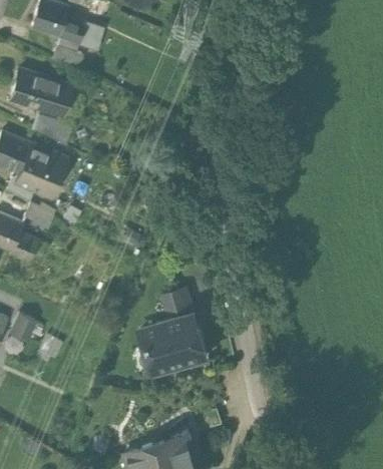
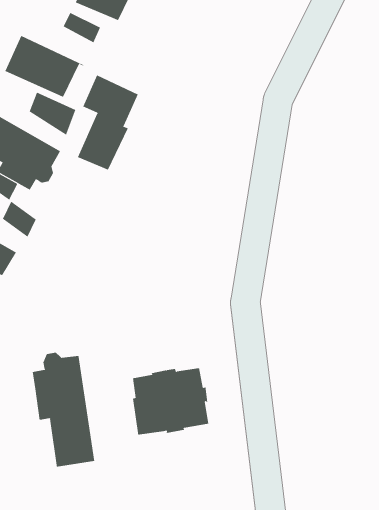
building: none -> [77,74,139,171]
building: [162,290,195,319] -> none
building: none -> [32,352,95,468]

